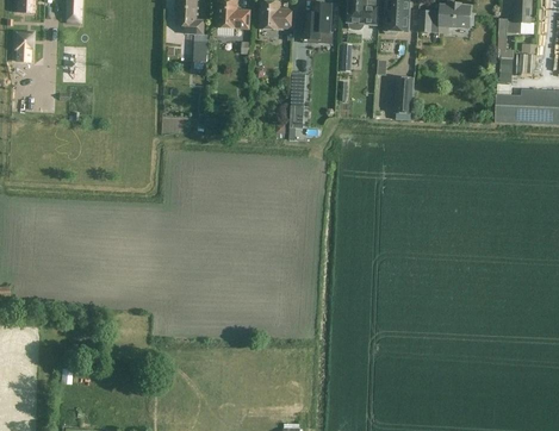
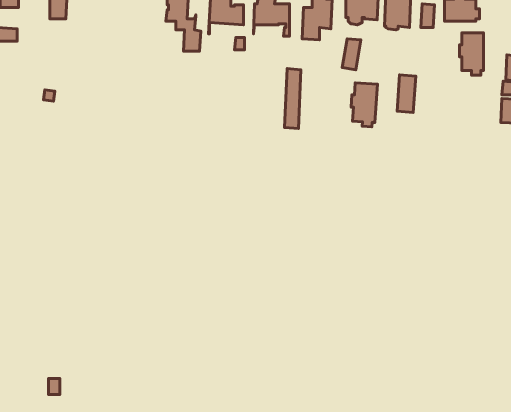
building: none -> [459,33,483,75]
building: none -> [351,83,377,127]

